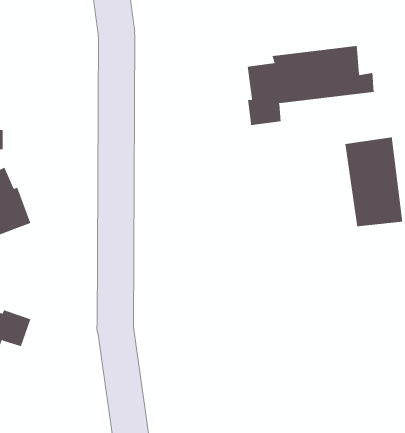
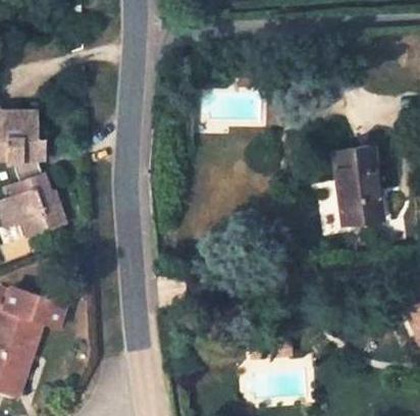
building: [247,45,374,126] -> none

